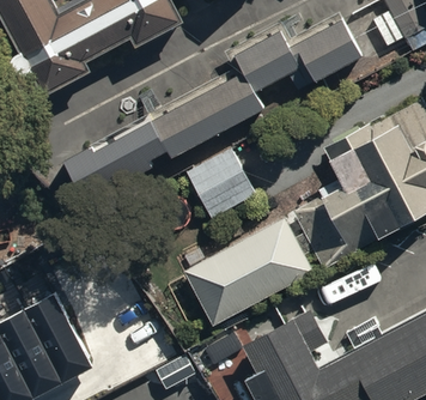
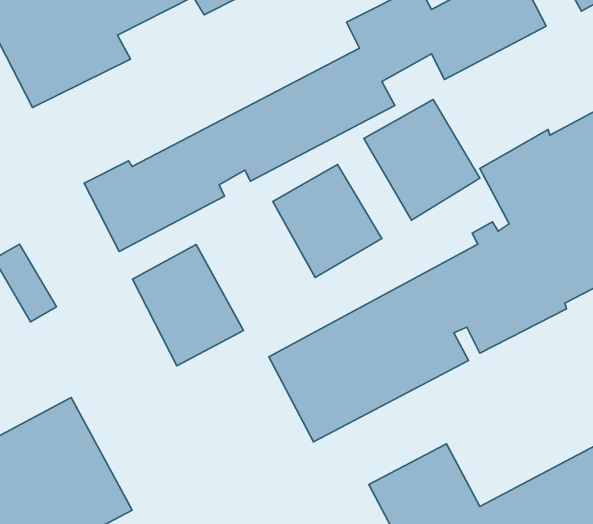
building: none -> [364,100,480,220]
building: none -> [132,244,243,366]

